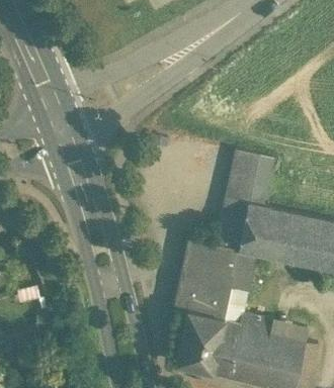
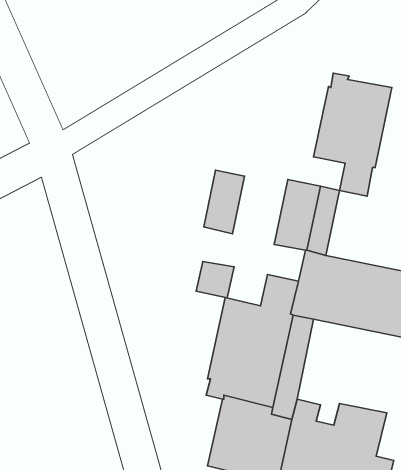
building: none -> [313,73,392,196]
building: none -> [204,170,244,234]
building: [220,199,248,226] -> [196,261,234,298]

